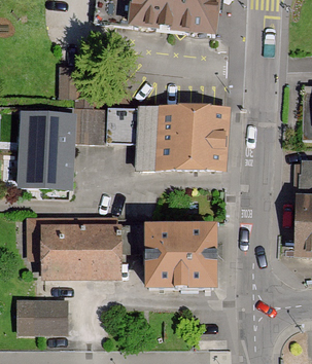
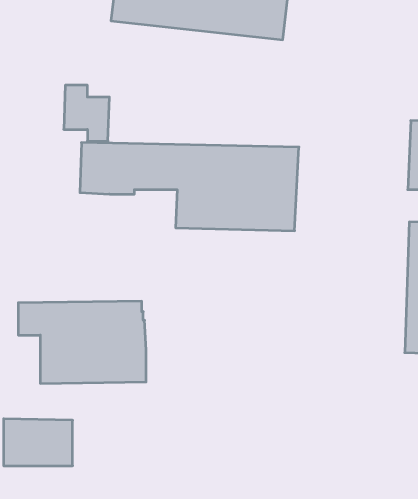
building: [22,106,73,189] -> none
building: [116,225,213,288] -> none

